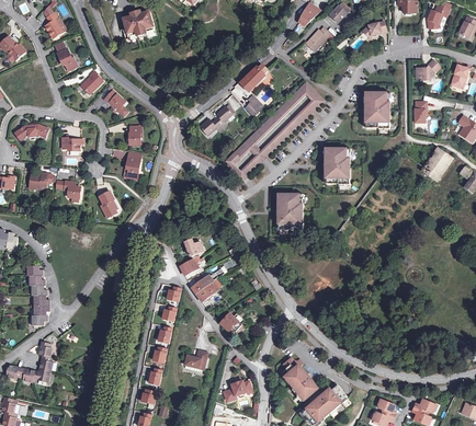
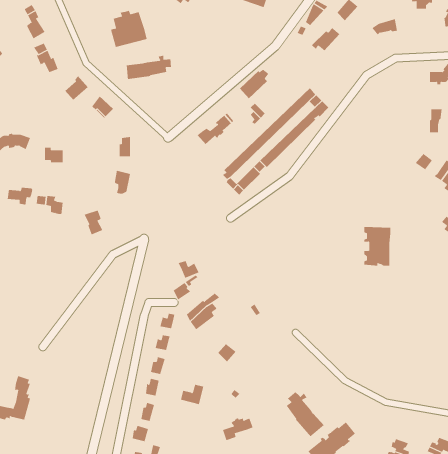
building: none -> [126,55,171,80]
building: [363,92,388,128] -> none
building: [322,148,348,184] -> [364,226,391,266]
building: [279,193,305,228] -> none
building: [27,267,48,326] -> none

